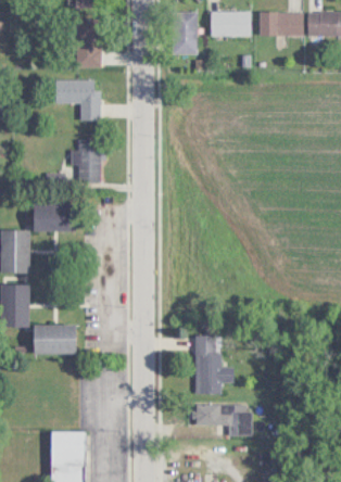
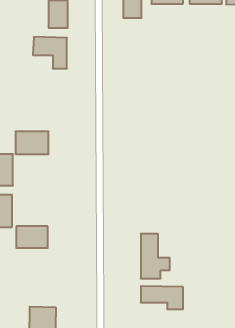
building: [72,140,100,183] -> none

